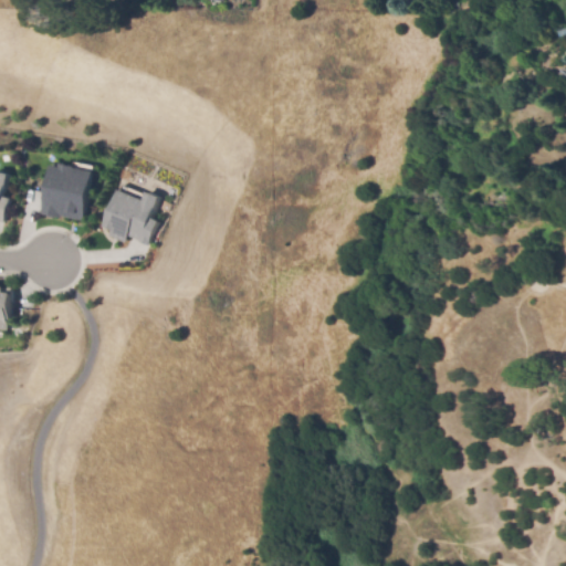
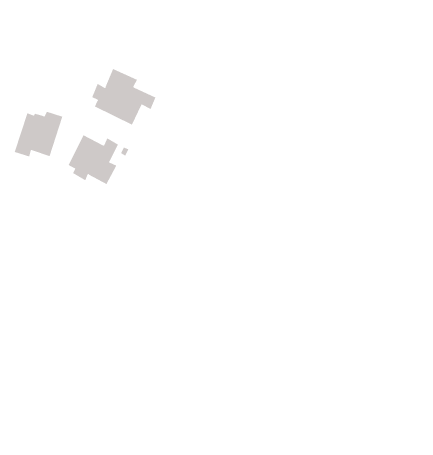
building: none -> [91,68,156,126]

